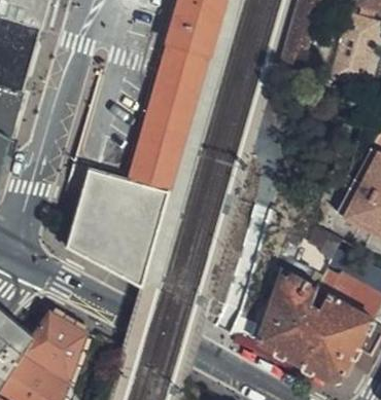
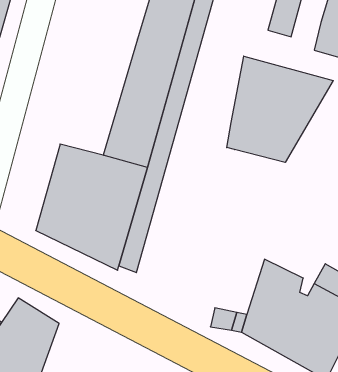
building: none -> [227,56,333,162]

